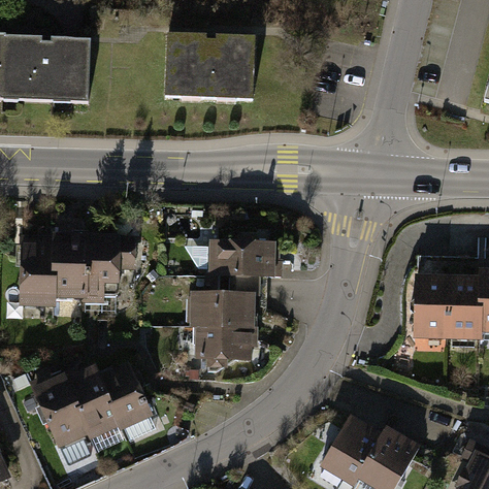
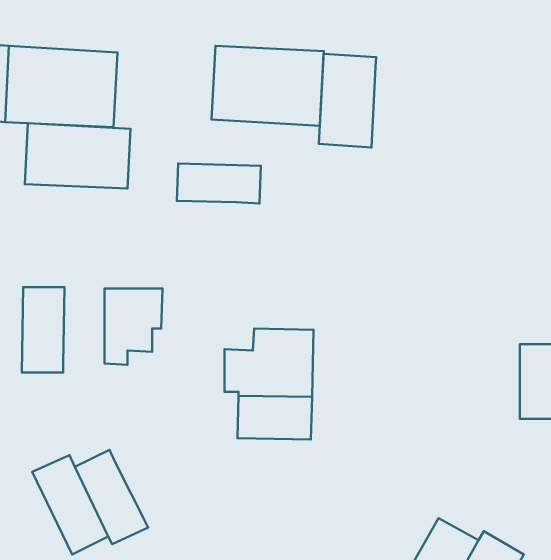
building: none -> [319,54,376,147]
building: none -> [25,123,130,189]
building: [54,233,87,294] -> none
building: [206,236,273,268] -> [177,163,261,203]
building: [95,357,154,427] -> none

